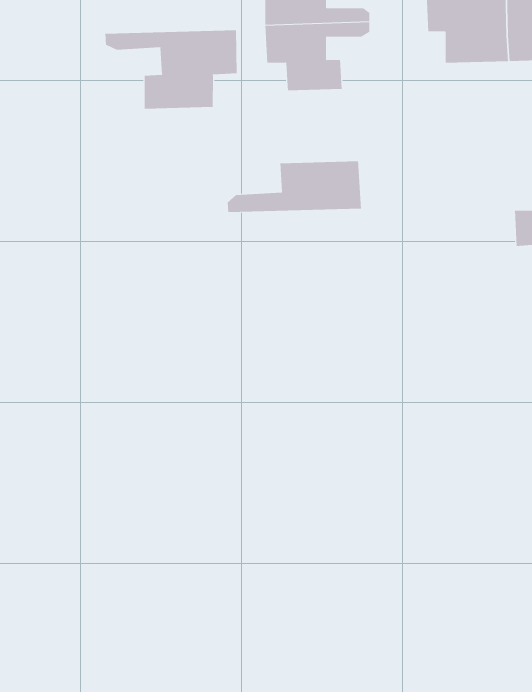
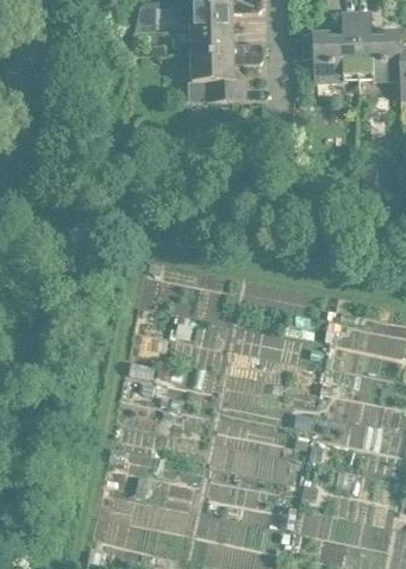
building: [105,29,237,109] -> none
building: [227,160,361,213] -> none

